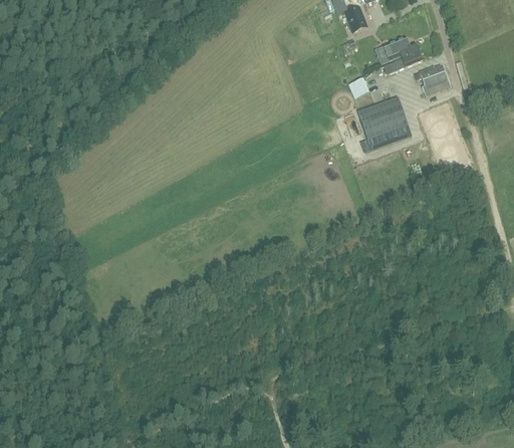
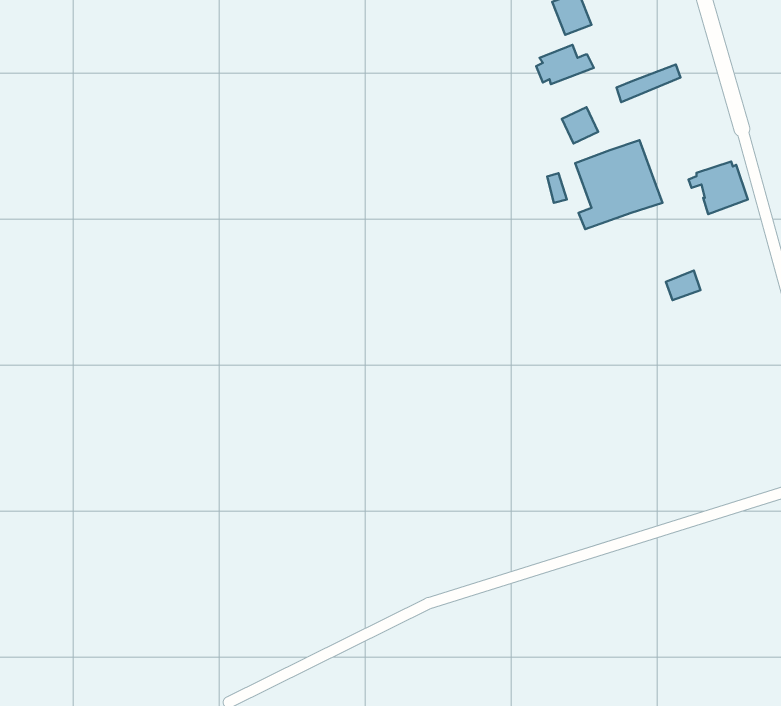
building: [383,36,419,60] -> [536,45,594,84]
building: [413,62,449,94] -> [688,161,748,214]

